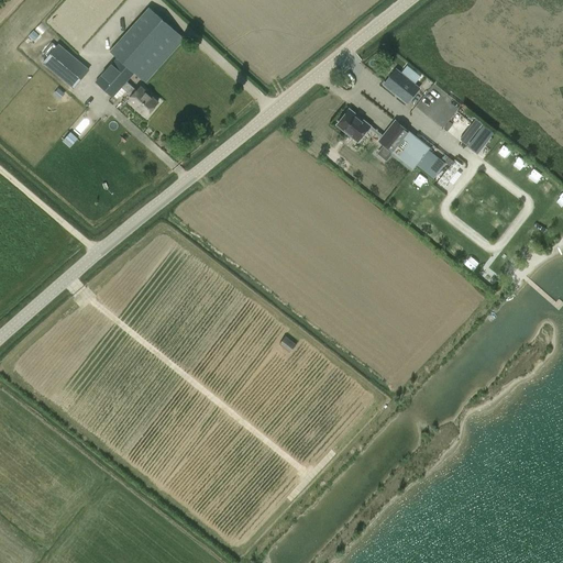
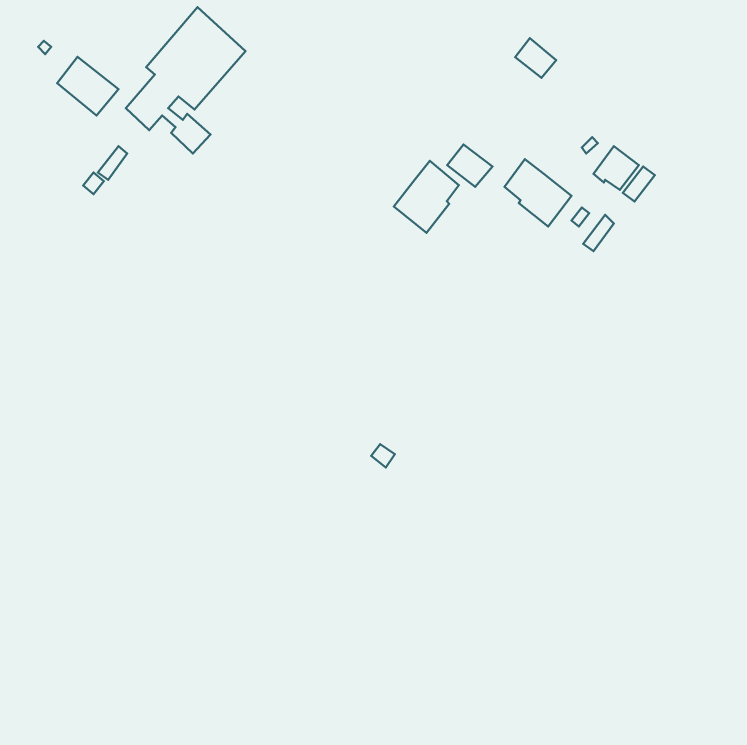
building: [382,76,412,106] -> [515,38,556,78]
building: none -> [394,161,459,233]

